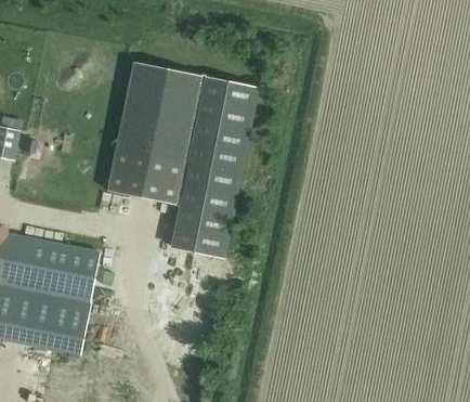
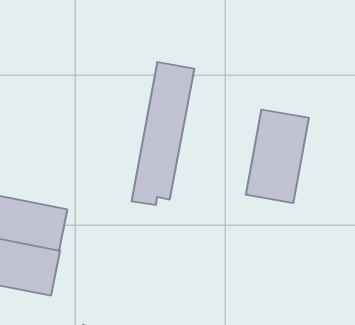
building: [109,62,200,204] -> none
building: none -> [246,109,309,203]

